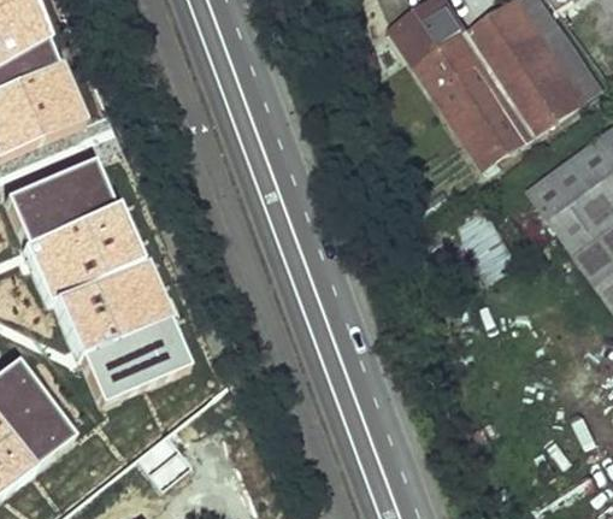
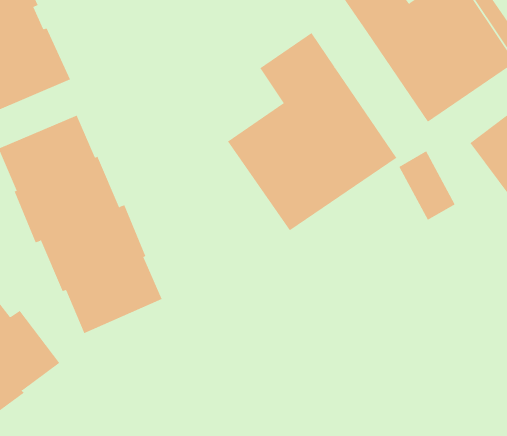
building: none -> [227,32,397,231]

